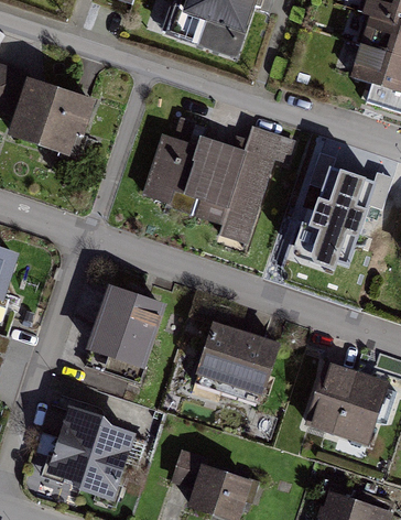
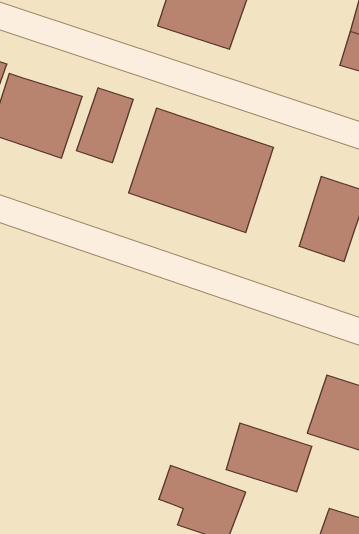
building: none -> [77,88,133,163]
building: [90,290,162,367] -> none
building: [199,326,281,391] -> [226,423,312,492]
building: [46,410,132,496] -> none

